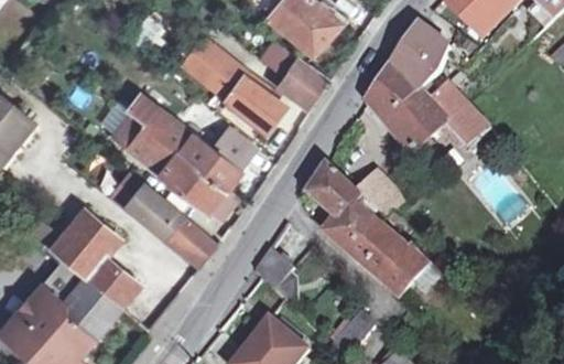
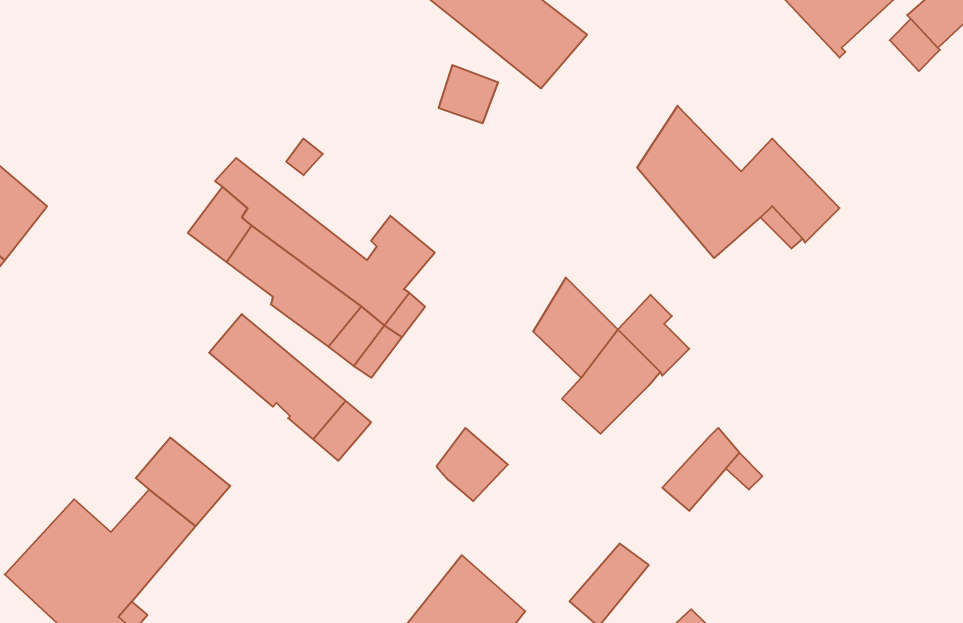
building: [391,24,449,90] -> none
building: [182,40,283,131] -> none
building: [281,57,328,105] -> none
building: [46,204,116,275] -> none
building: [347,222,409,280] -> none

